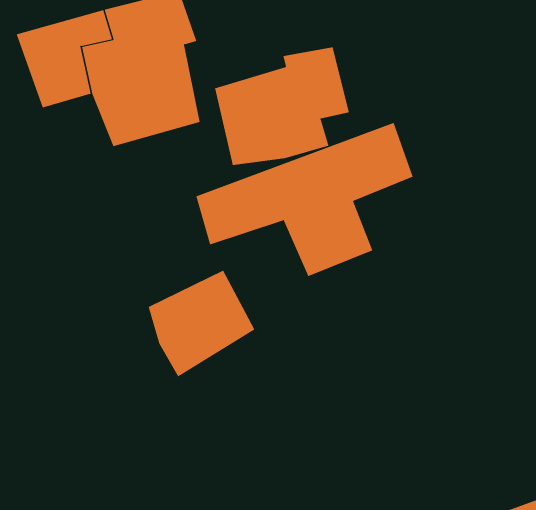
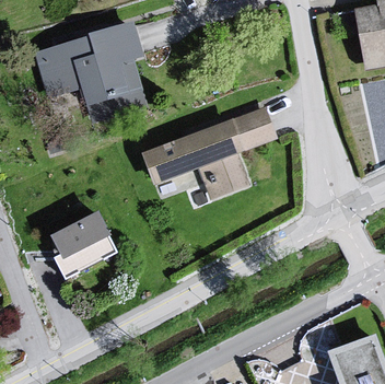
building: [214,47,350,166] -> none
building: [148,270,255,377] -> [47,214,114,281]

